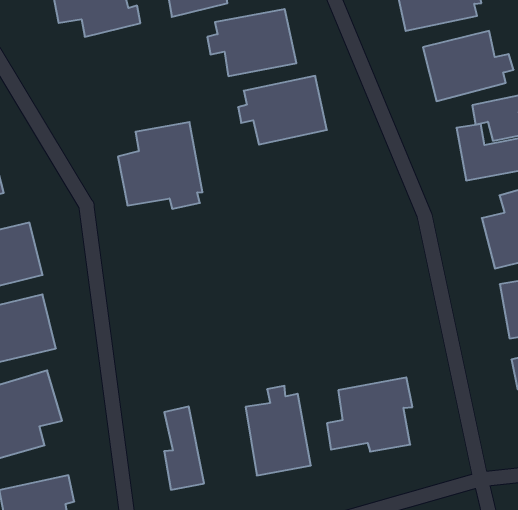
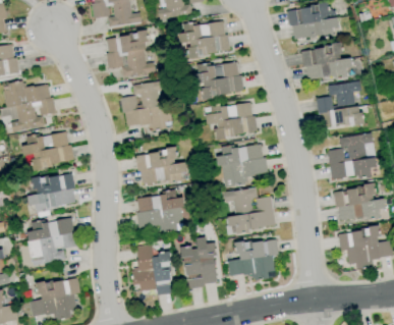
building: none -> [105,33,156,78]
building: none -> [207,102,257,138]
building: none -> [220,143,267,187]
building: none -> [136,149,188,184]
building: none -> [225,188,276,232]
building: none -> [135,192,186,232]
building: none -> [153,253,173,295]

